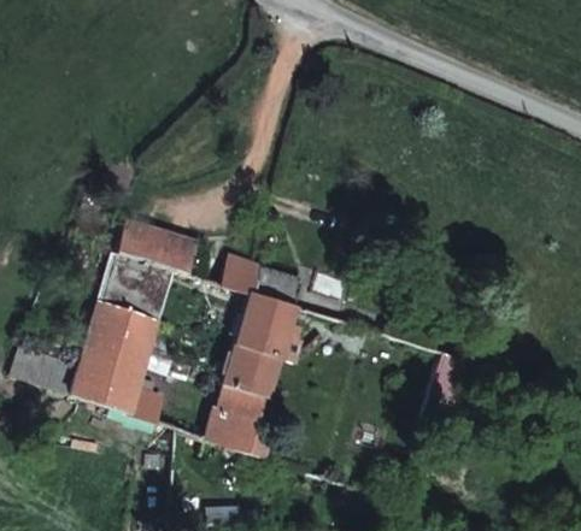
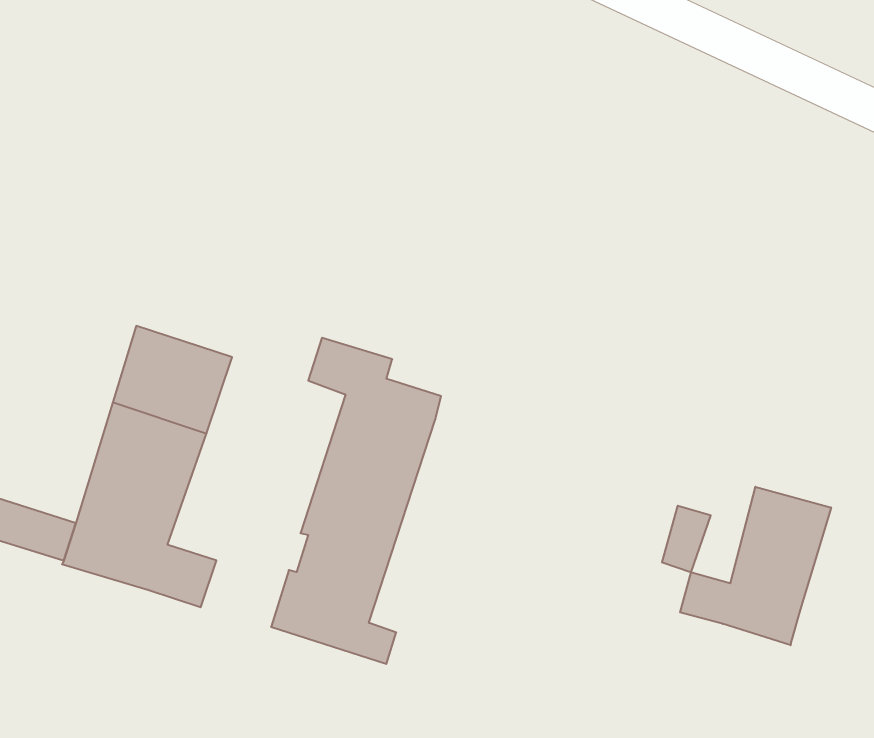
building: [116,217,200,273] -> none
building: none -> [680,487,831,645]

